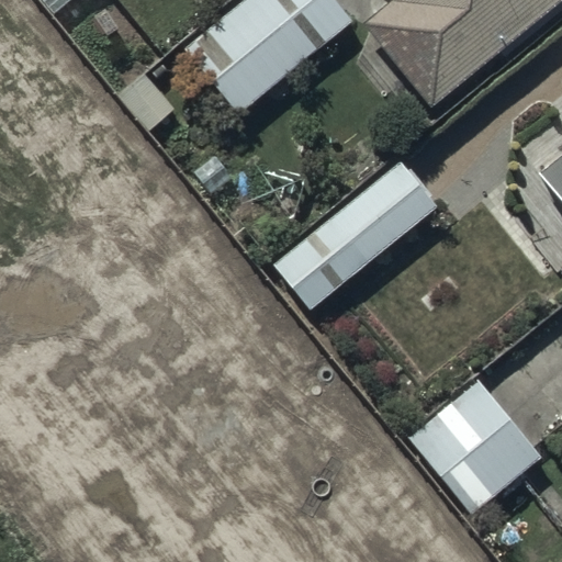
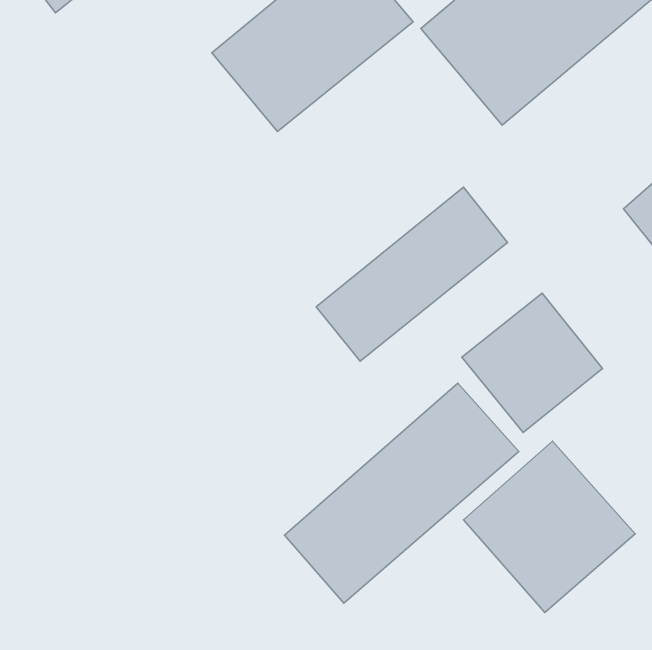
building: none -> [462,293,602,433]
building: none -> [284,383,519,603]

